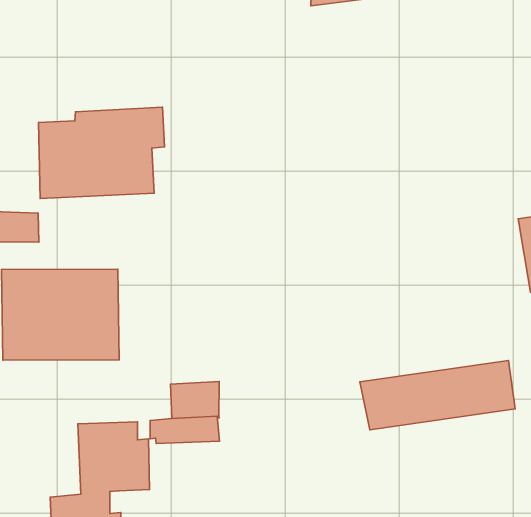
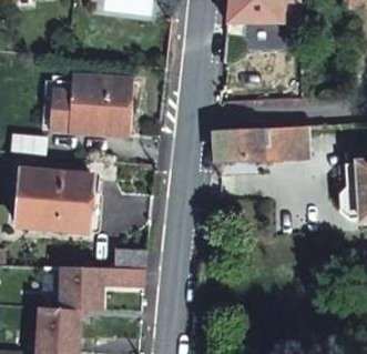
building: [360,360,515,430] -> [215,127,308,161]

